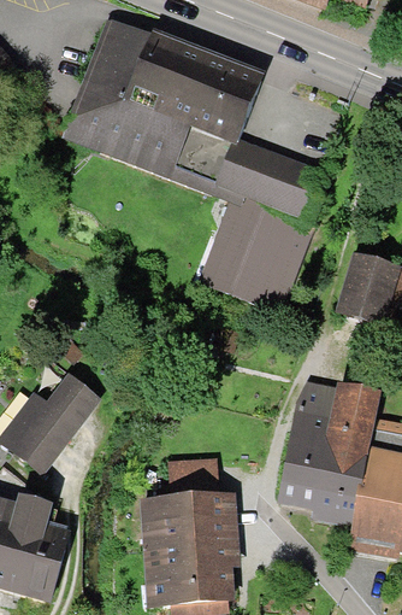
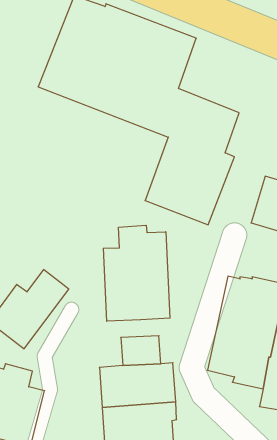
building: none -> [103,225,170,321]

